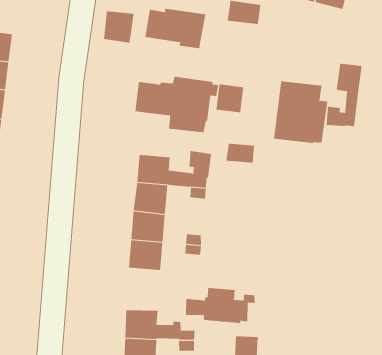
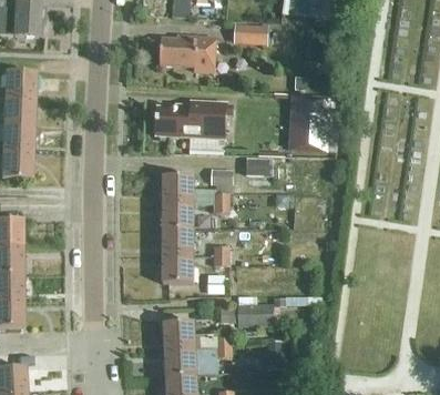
building: [103,11,134,43] -> none
building: [326,63,362,127] -> none
building: [216,84,244,113] -> none

